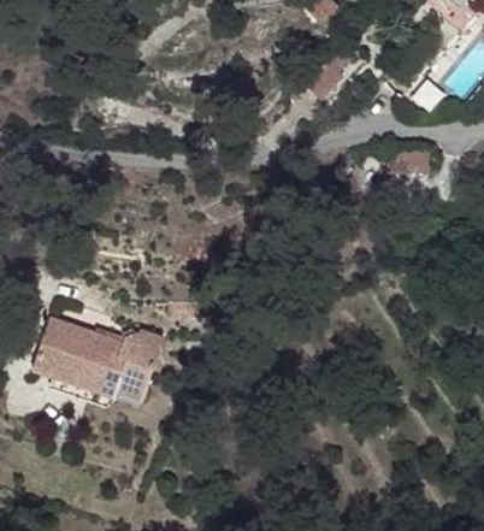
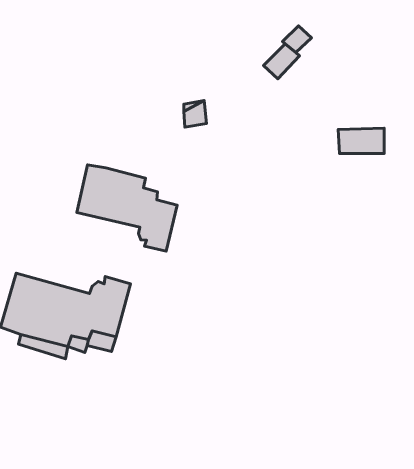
building: none -> [77,165,177,251]

